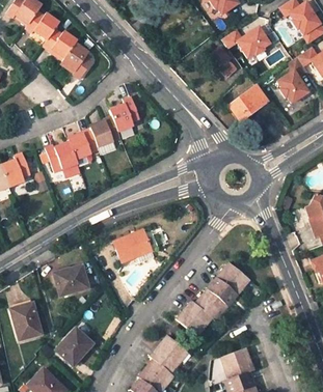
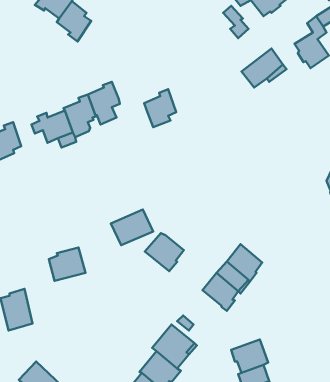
building: [110,96,139,131] -> [144,89,176,127]
building: [176,301,211,335] -> [145,233,184,271]
building: [56,328,92,363] -> none

